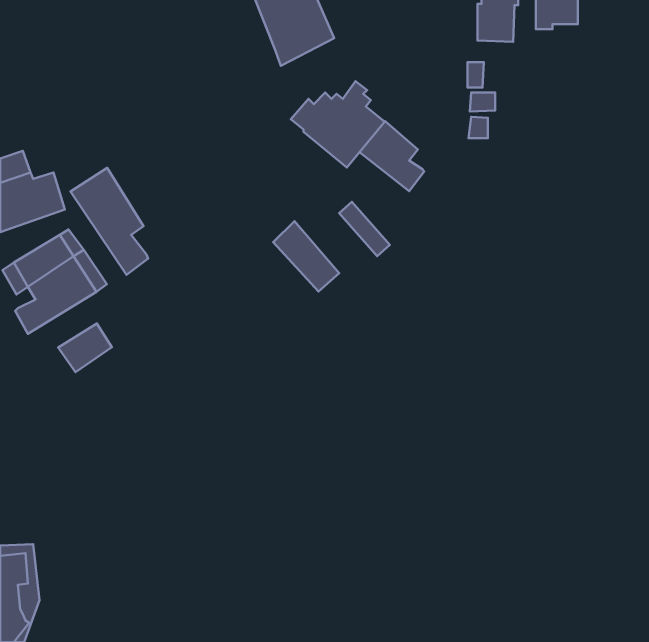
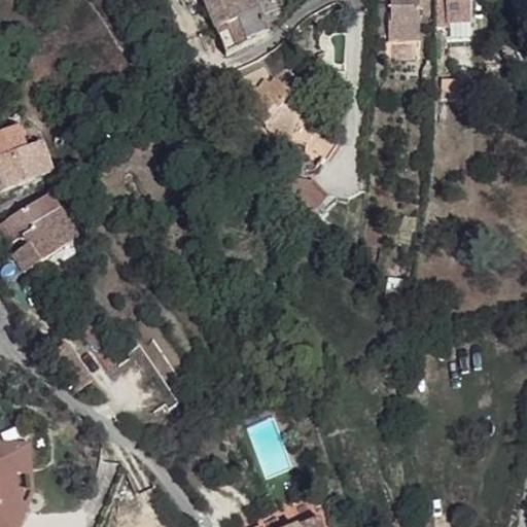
building: [359,121,424,191] -> none
building: [70,168,148,275] -> none
building: [273,221,339,291] -> none
building: [58,324,112,372] -> none

